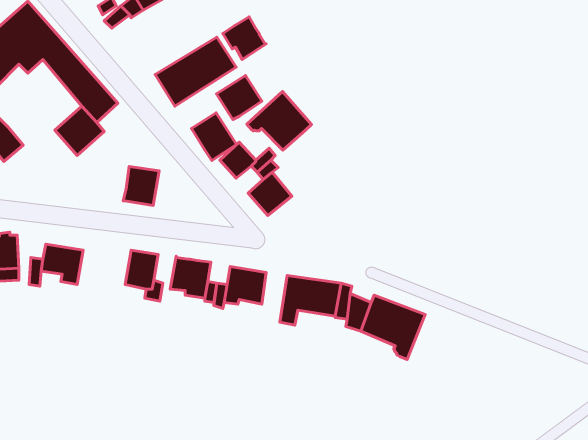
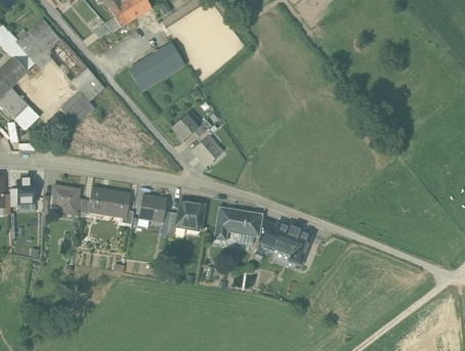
building: [223,17,266,59] -> none
building: [216,75,262,119] -> none
building: [247,92,311,150] -> none
building: [191,113,236,160] -> none
building: [123,166,159,205] -> [87,186,112,213]

